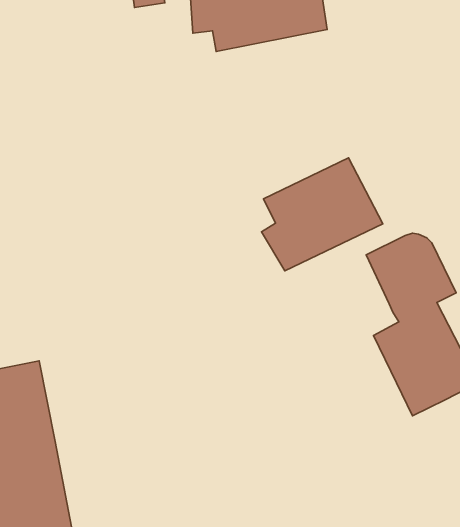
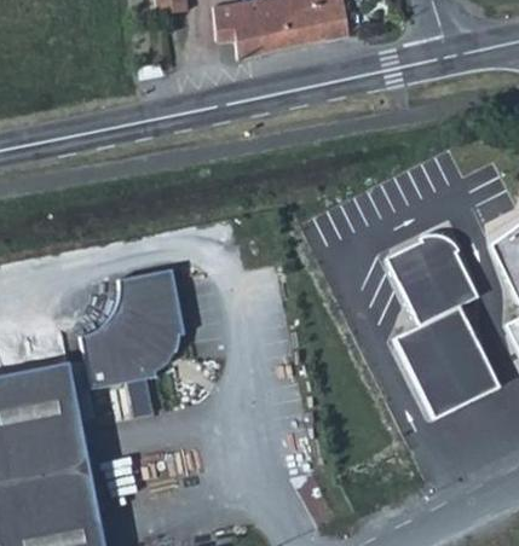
building: [262,158,383,271] -> none
building: none -> [77,271,181,393]

